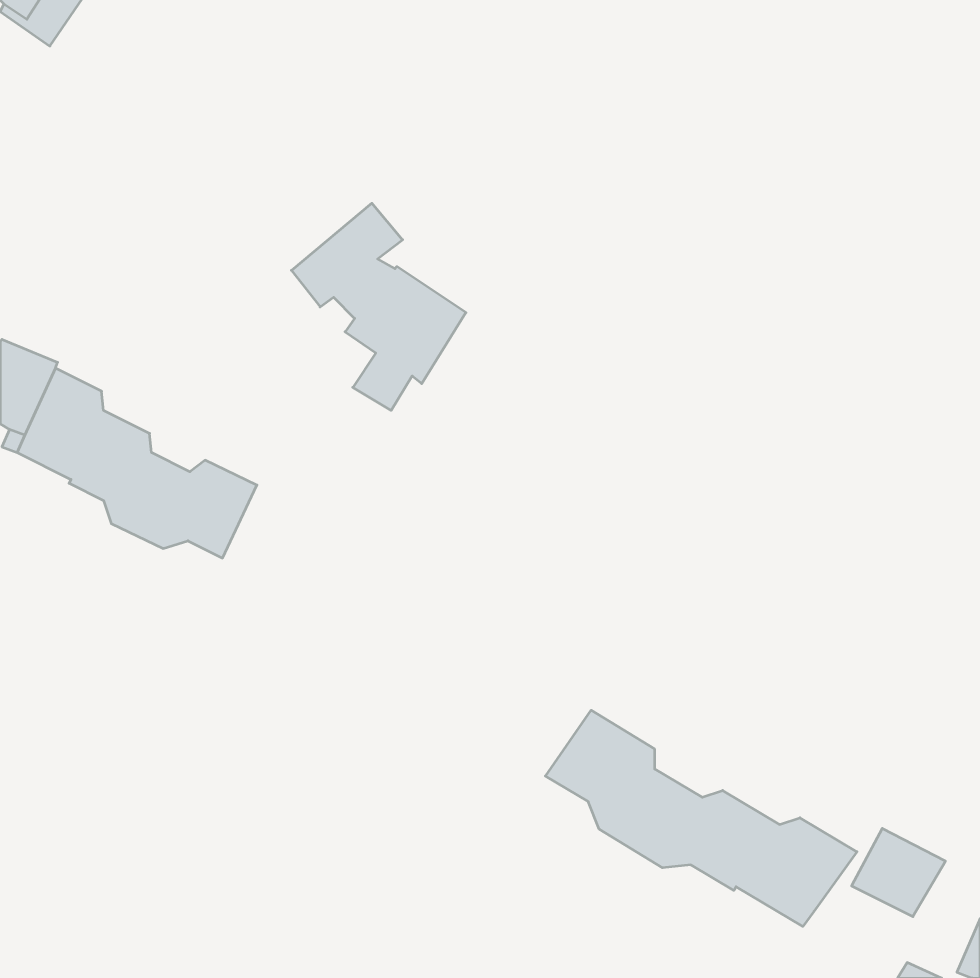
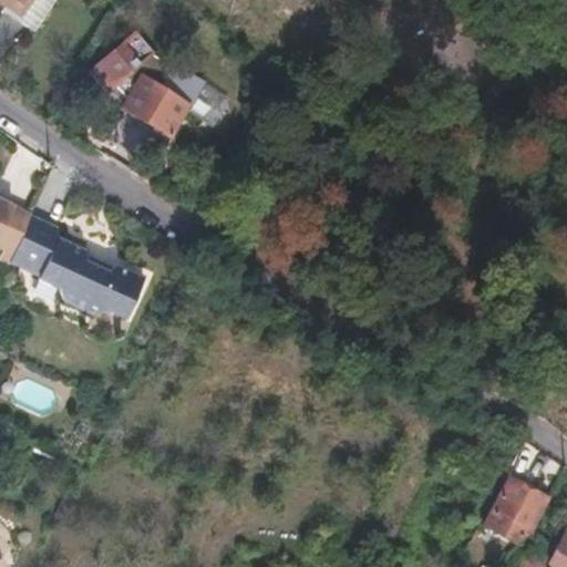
building: [291,203,466,410] -> [90,32,190,152]
building: [545,710,857,926] -> none

